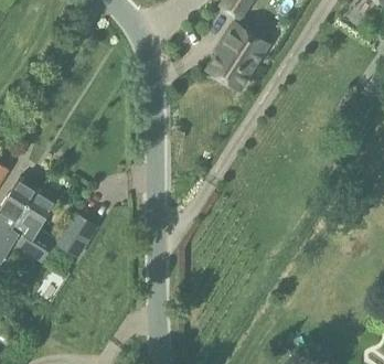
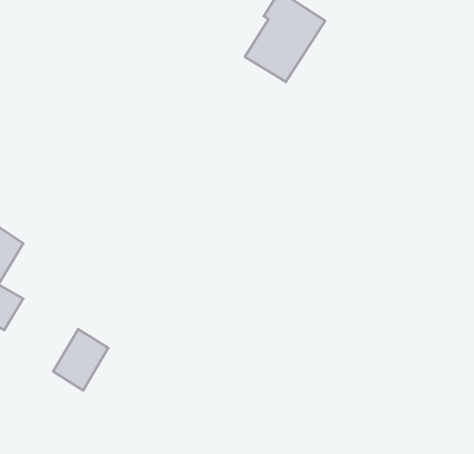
building: [57,213,96,256] -> [53,329,108,390]

